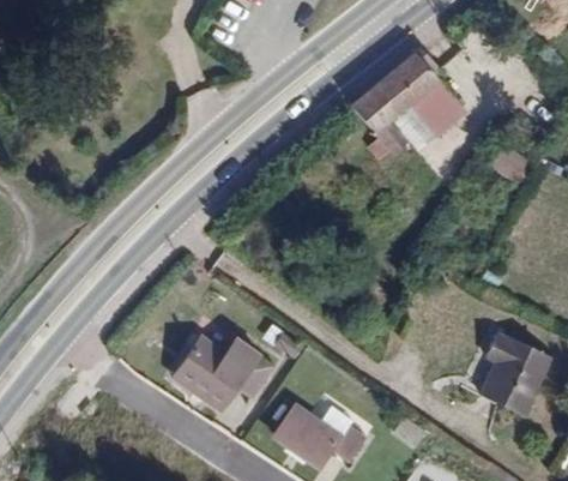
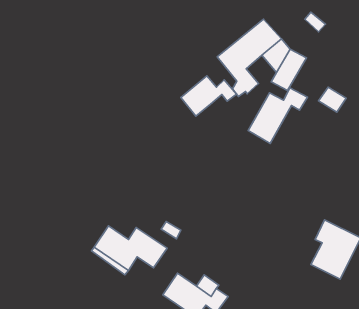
building: none -> [181,76,237,116]
building: none -> [248,88,307,143]

